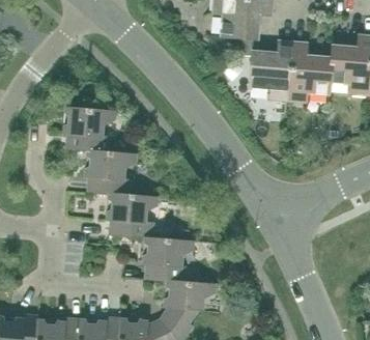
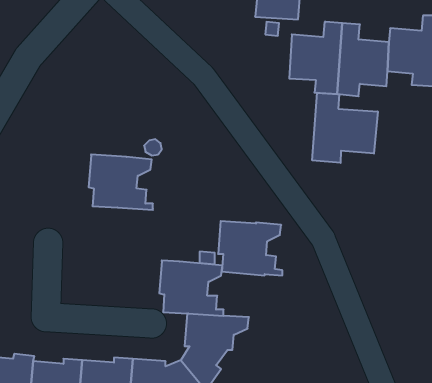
building: none -> [312,93,378,163]
building: [63,106,116,151] -> none
building: [107,193,160,237] -> [218,221,282,275]

